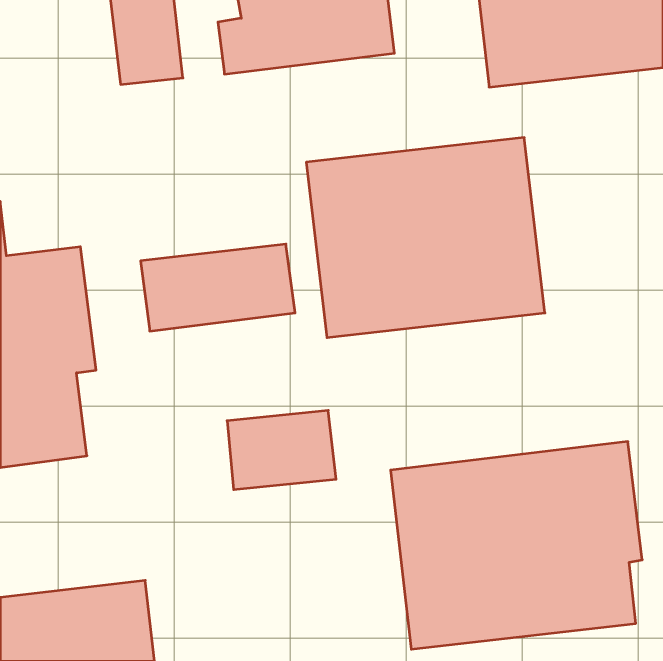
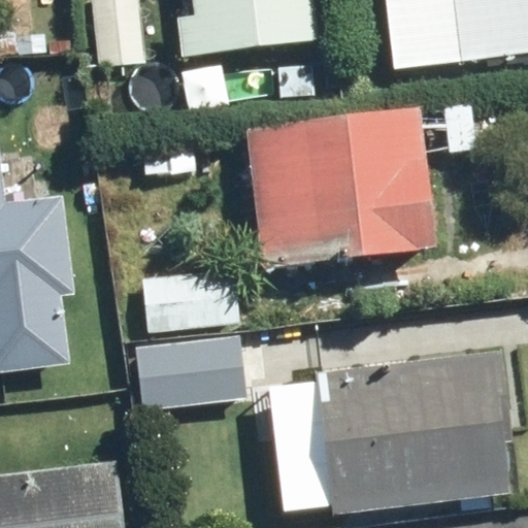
building: [141,244,295,331] -> [141,266,264,335]

